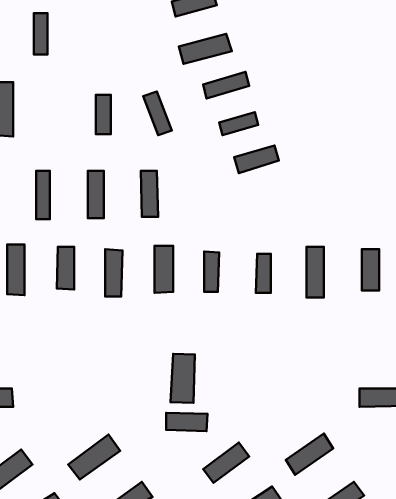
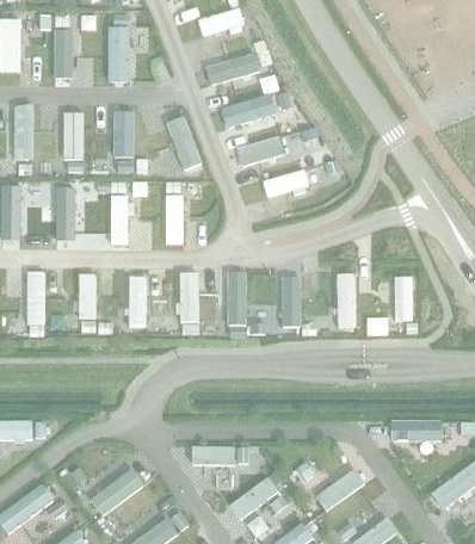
building: none -> [107,27,128,82]
building: none -> [63,112,82,159]
building: [171,354,195,403] -> none

